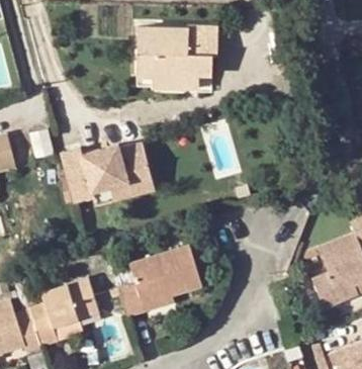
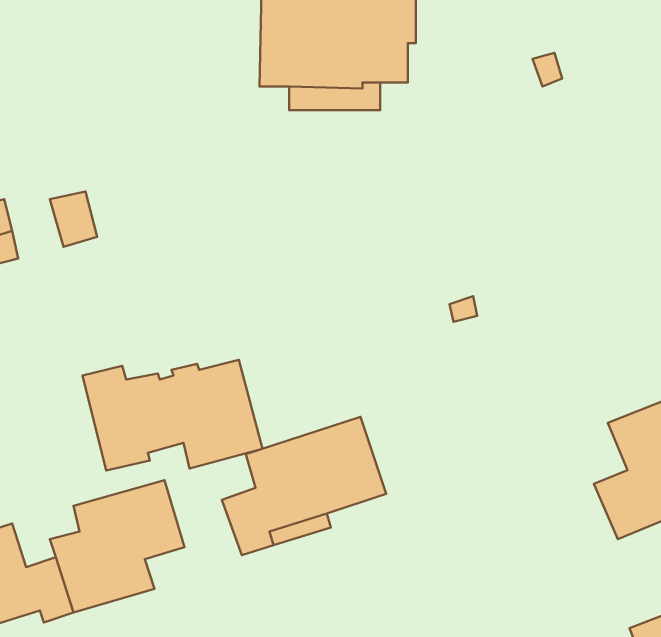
building: [61,142,153,198] -> [83,360,263,471]

